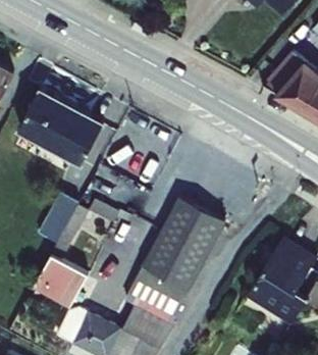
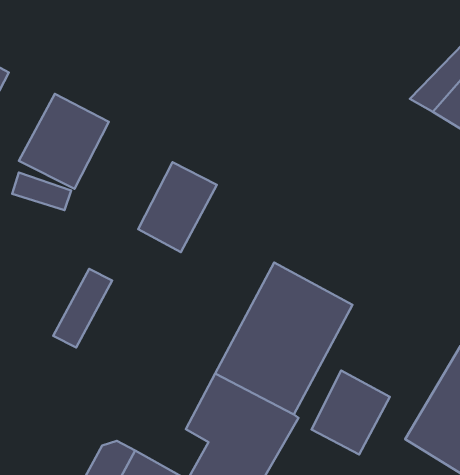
building: [53,103,102,159] -> [138,162,217,252]
building: [34,250,90,303] -> none
building: none -> [311,371,390,455]

